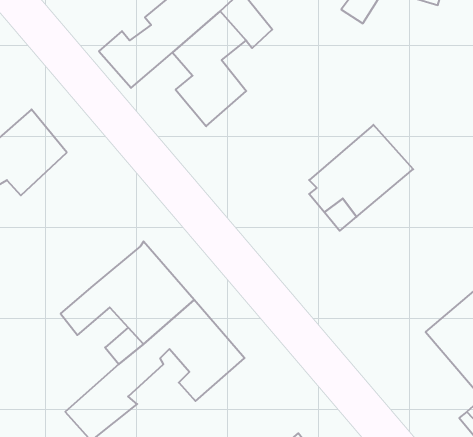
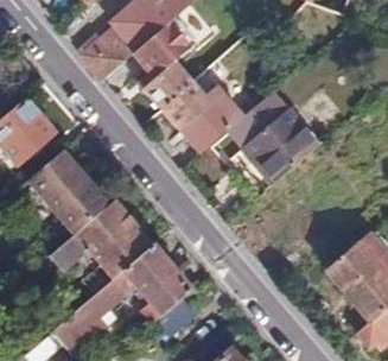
building: none -> [161,81,242,153]
building: none -> [26,145,110,232]

